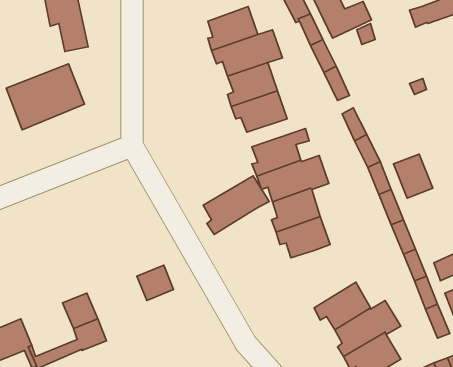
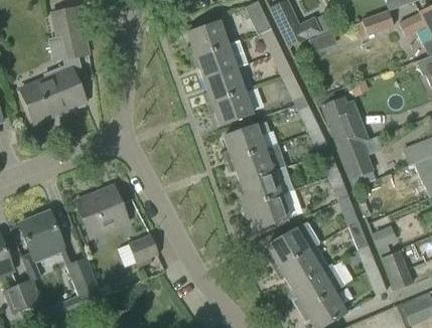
building: none -> [322,95,368,150]
building: [203,176,269,234] -> [266,220,320,269]
building: none -> [77,188,128,235]
building: none -> [20,211,65,271]

